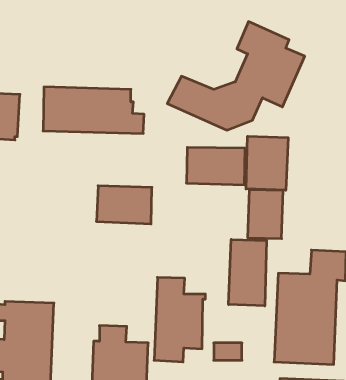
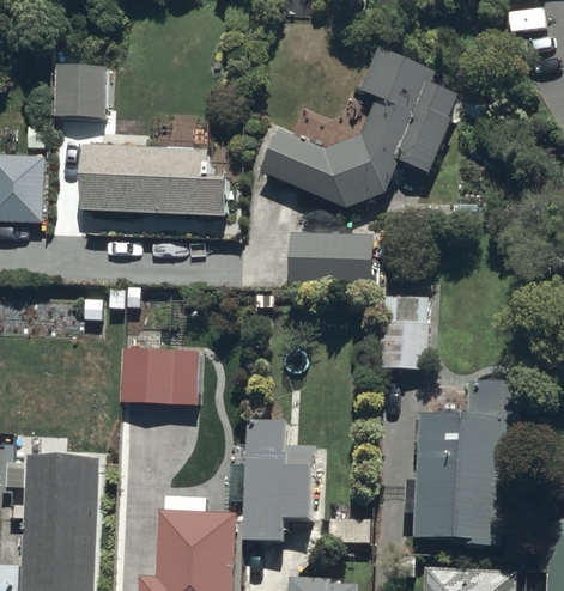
building: none -> [50,60,103,109]
building: [246,136,288,190] -> none
building: [96,186,152,224] -> [117,348,198,403]
building: [229,239,267,306] -> none

